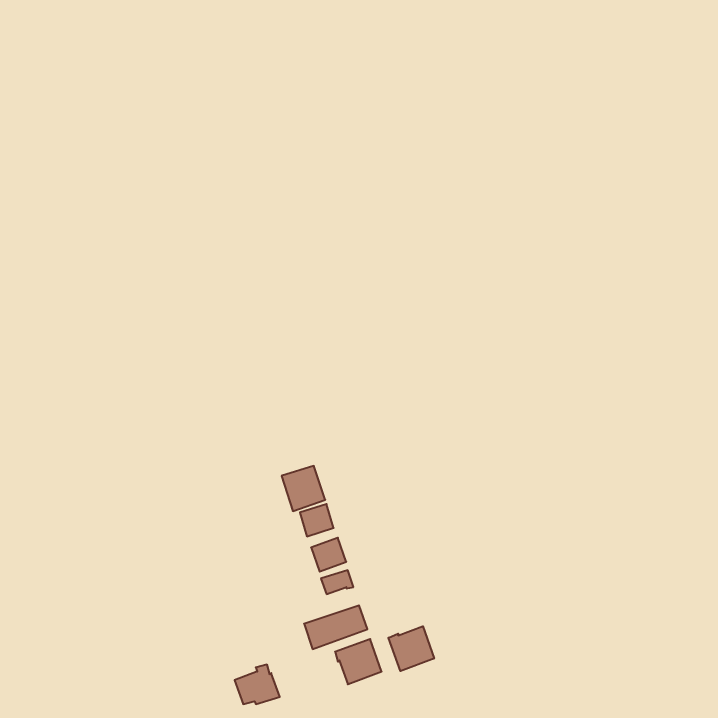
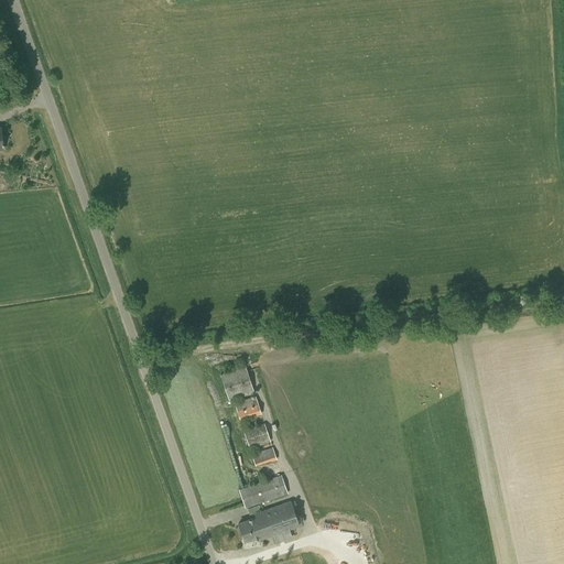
building: [388,626,434,671] -> none
building: [235,665,280,704] -> [238,510,273,541]

